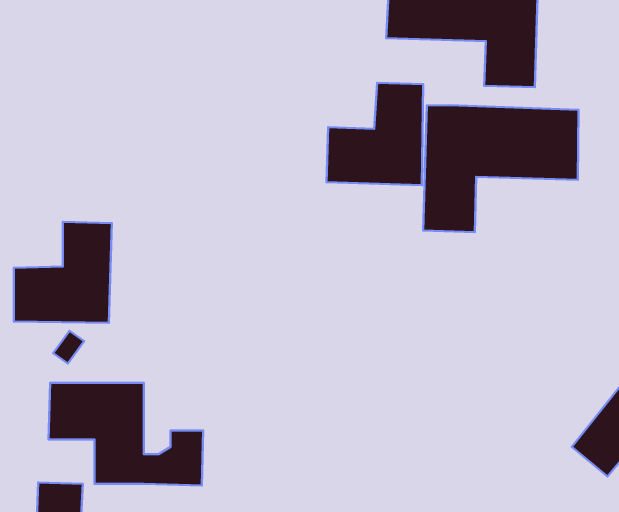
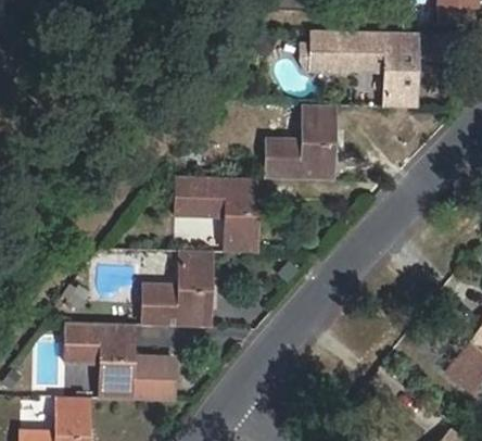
building: [423,105,579,232] -> none
building: none -> [174,176,259,252]
building: [14,222,112,323] -> [141,251,213,325]

